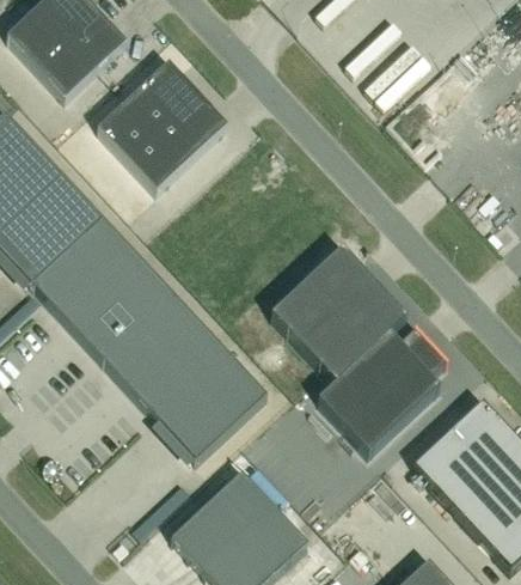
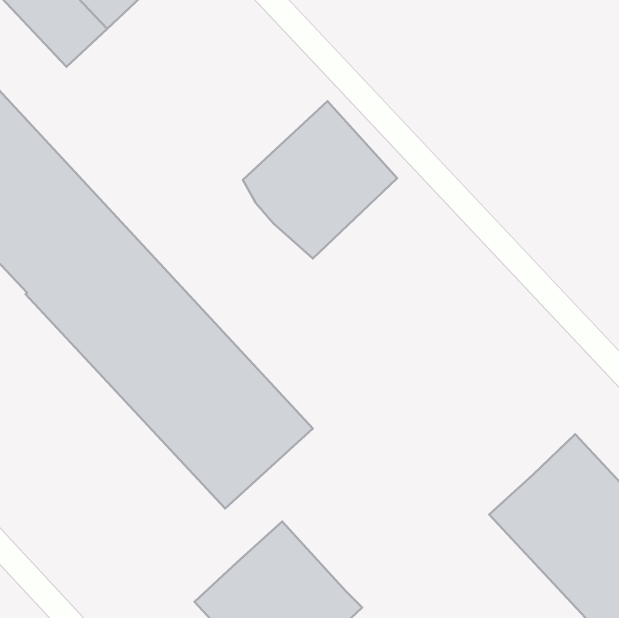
building: [100,60,227,189] -> [243,101,397,258]
building: [271,249,448,453] -> none

